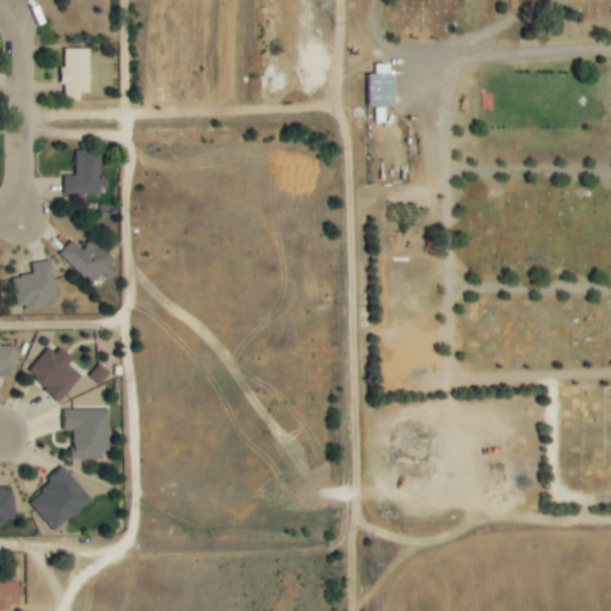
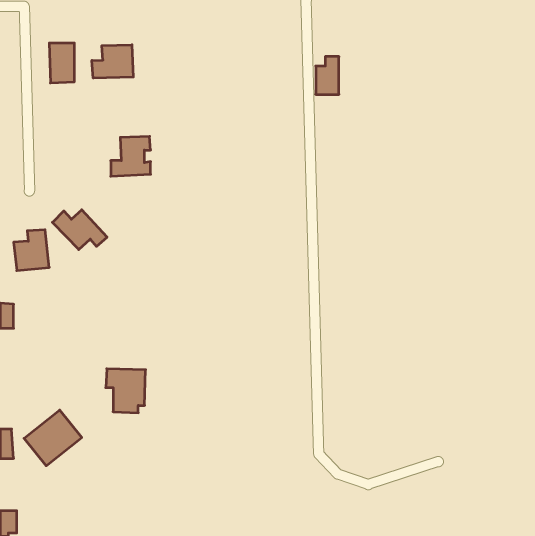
building: none -> [92,45,133,78]
building: [60,149,105,195] -> [111,136,151,176]
building: [29,347,87,401] -> none
building: [66,409,111,459] -> [106,369,146,413]

